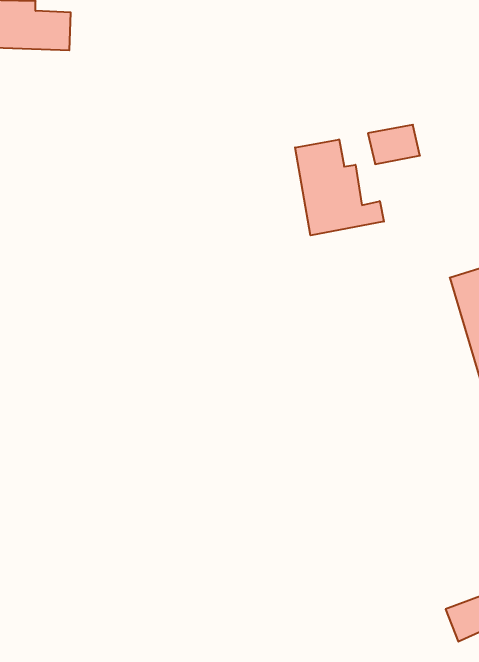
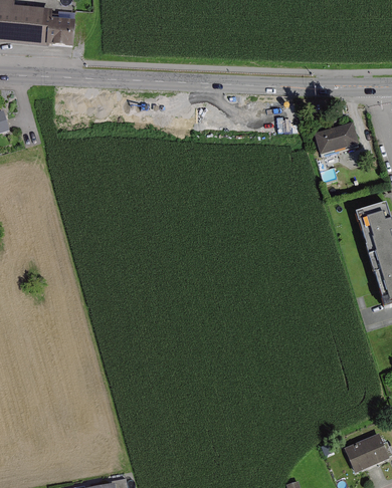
building: [368,125,420,164] -> [320,124,357,152]
building: [295,139,384,235] -> none

